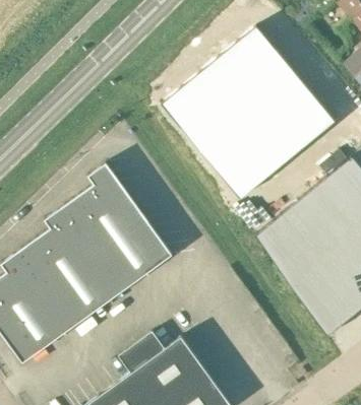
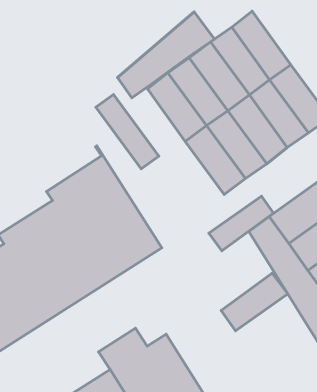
building: none -> [117,12,214,98]
building: none -> [96,95,159,169]
building: none -> [209,196,274,251]
building: none -> [221,273,288,331]

